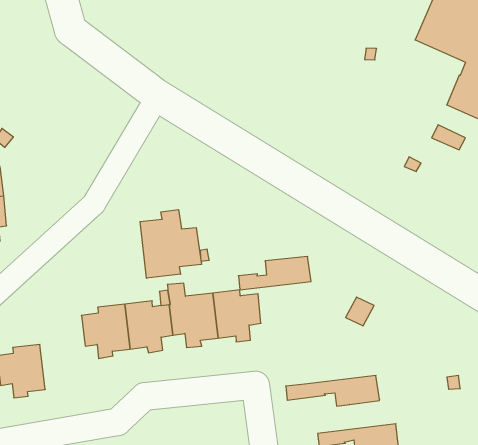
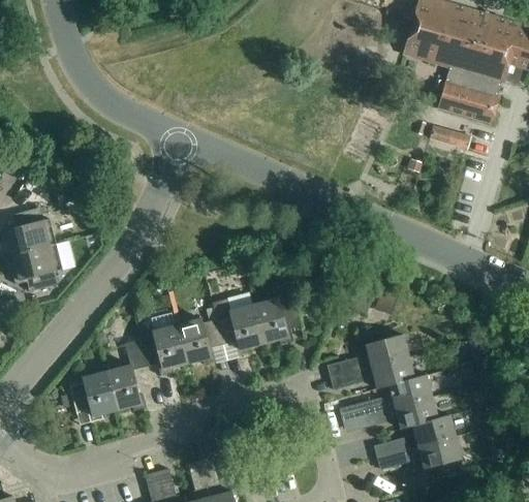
building: [140,210,201,278] -> none
building: [238,256,311,290] -> [343,335,408,373]
building: none -> [106,340,147,410]
building: none -> [344,374,432,419]

